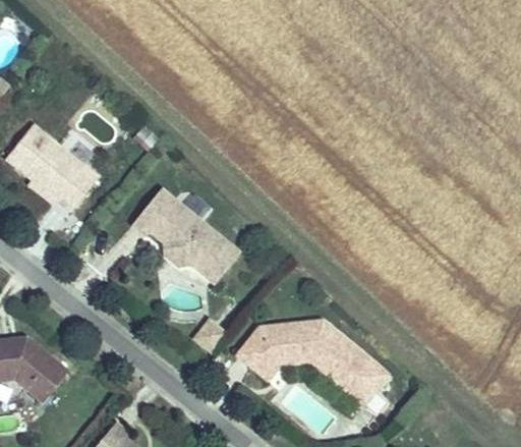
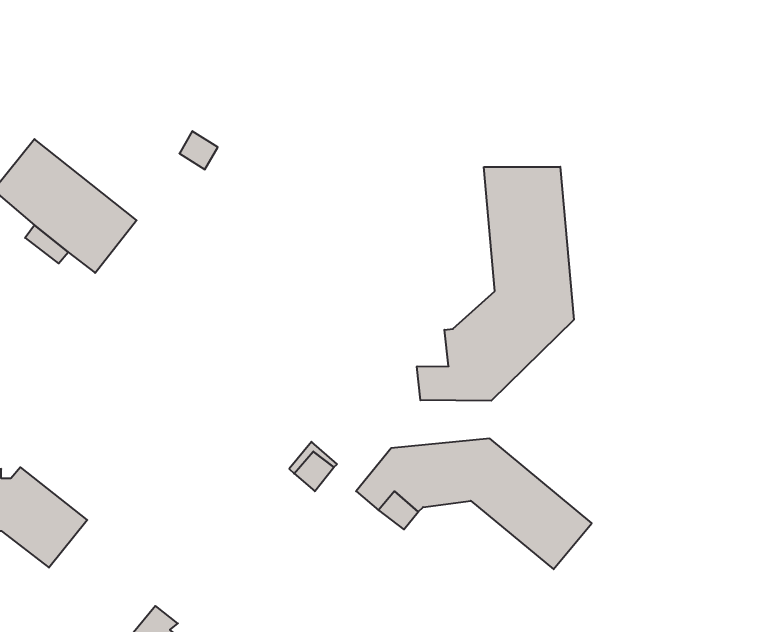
building: none -> [417,167,574,401]
building: [134,188,241,282] -> none

